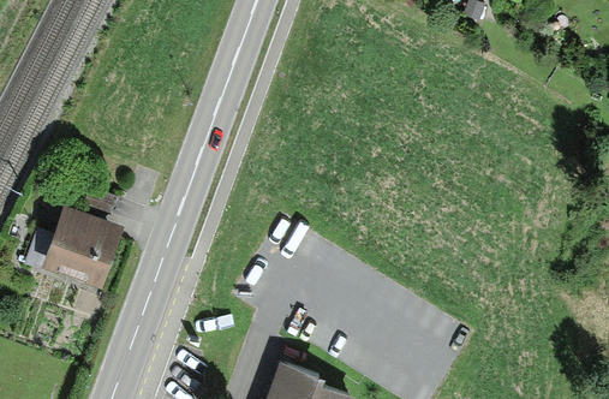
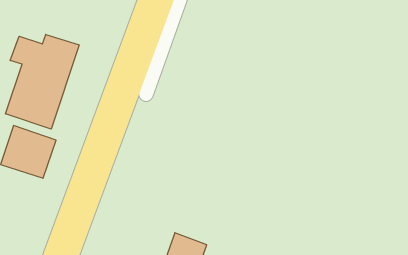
building: none -> [6,34,79,129]

